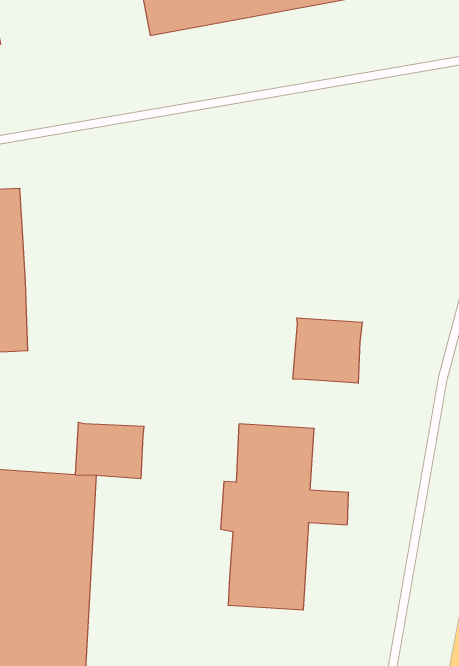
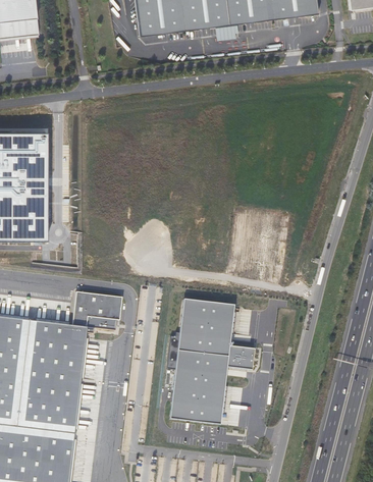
building: [293,318,362,383] -> none

